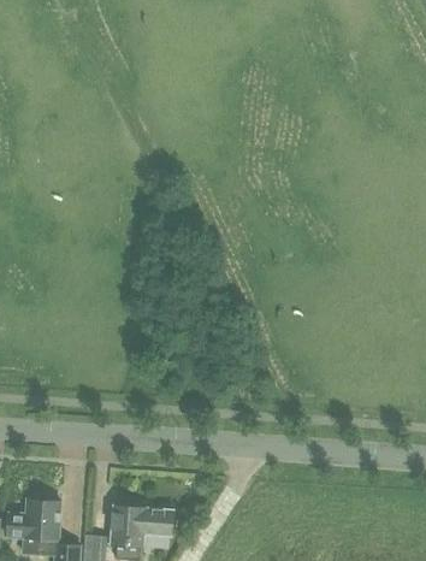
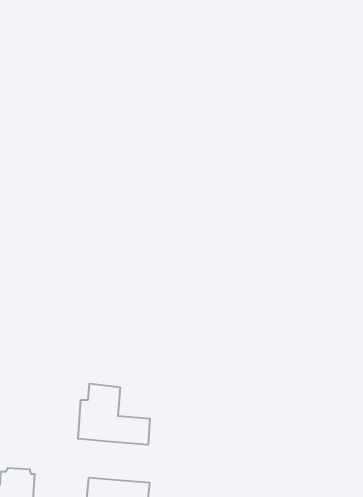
building: none -> [78,384,150,445]

